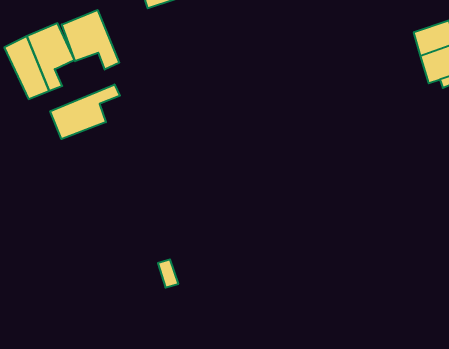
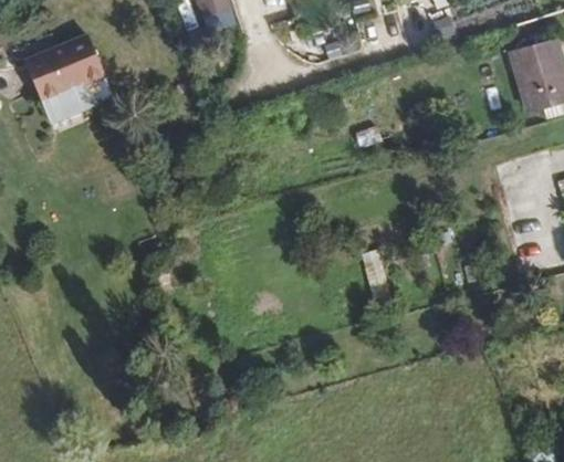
building: [62,10,119,70] -> none
building: [50,84,120,139] -> none

